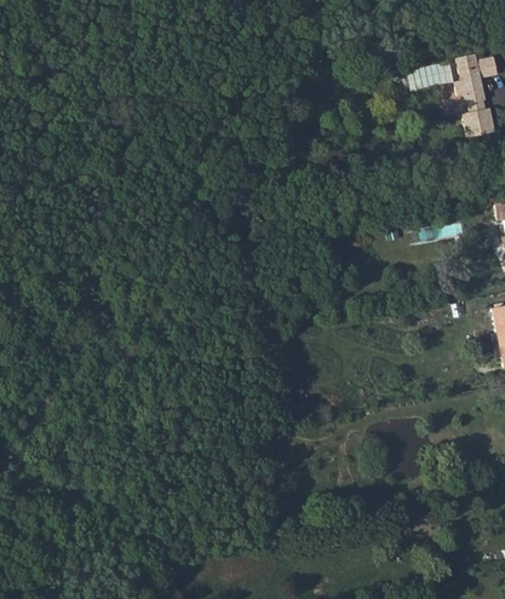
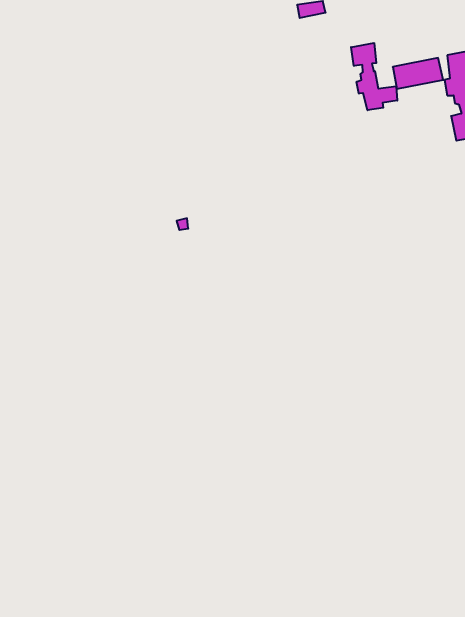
building: none -> [351,43,397,110]

